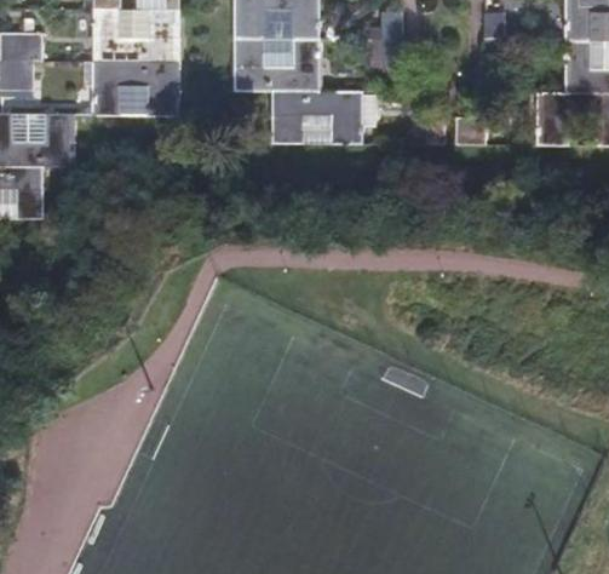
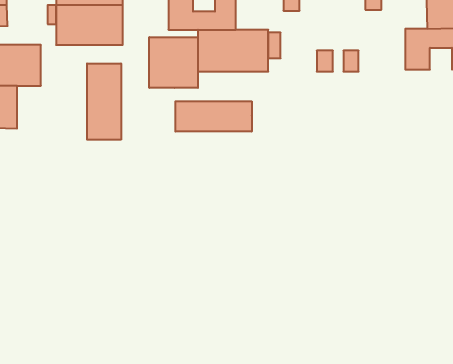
building: none -> [149,37,198,88]
building: none -> [87,63,121,140]
building: none -> [175,101,252,132]

